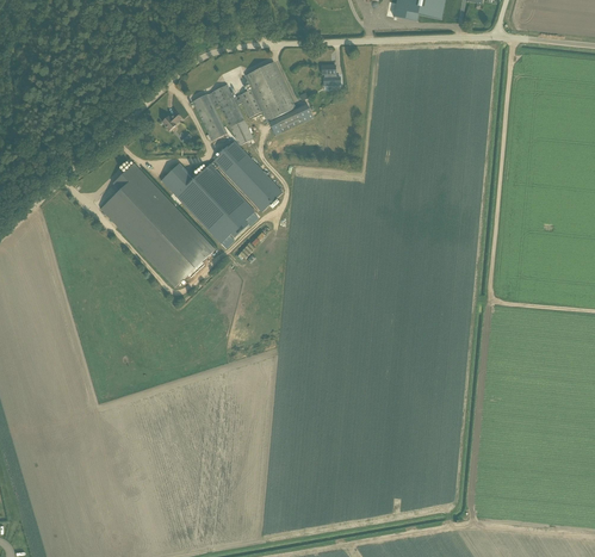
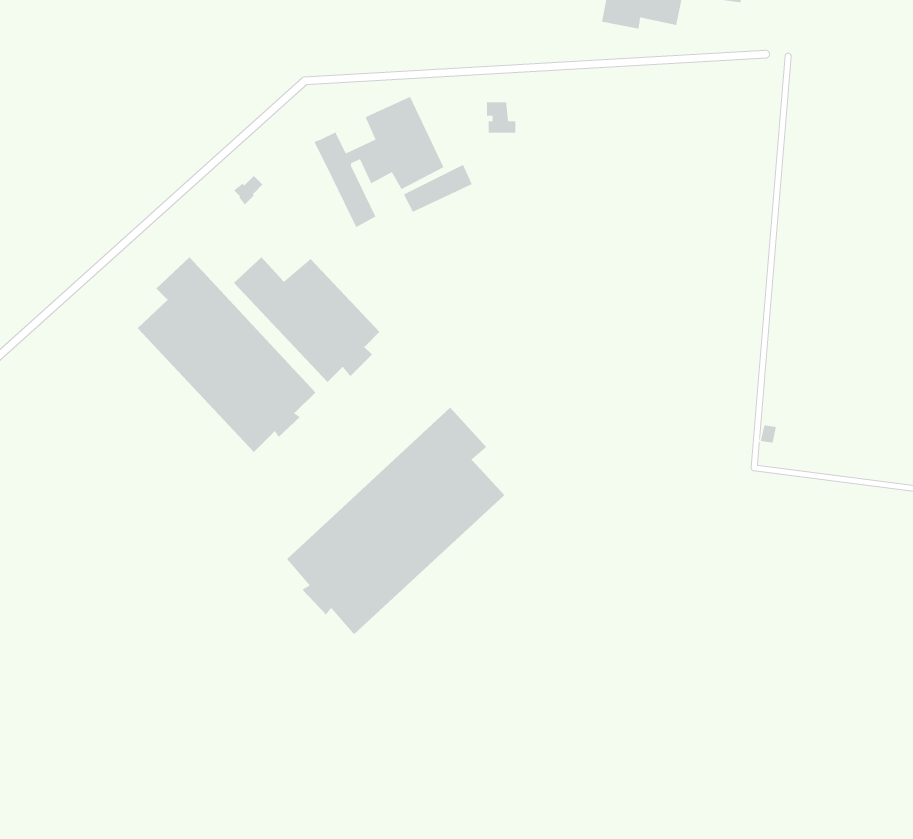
building: [192,91,227,140] -> none
building: [212,141,281,211] -> none
building: none -> [286,407,505,635]

